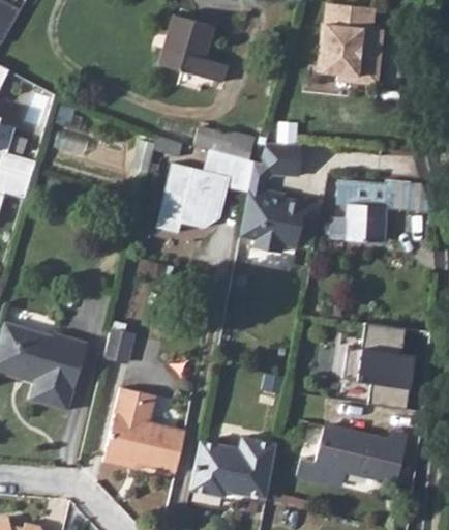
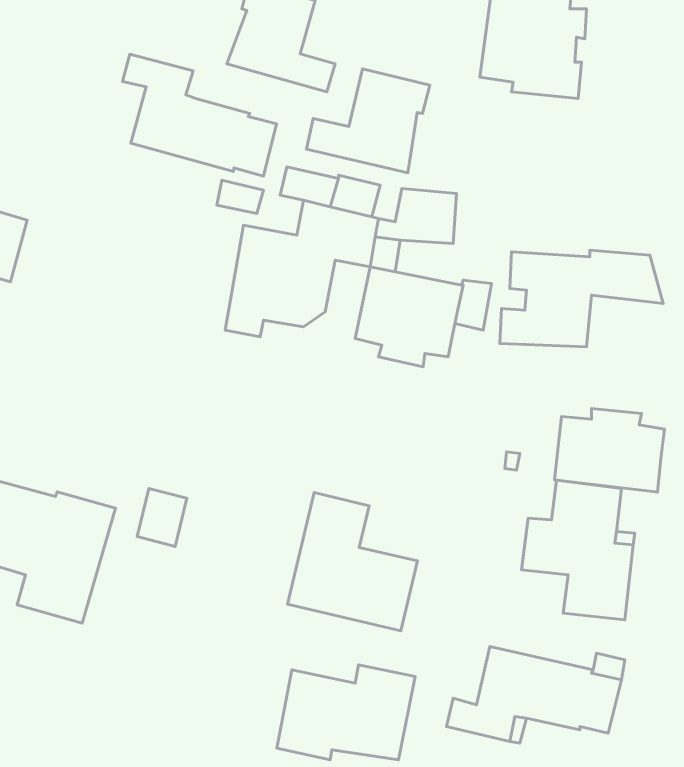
building: none -> [122,54,276,176]
building: none -> [306,69,430,173]
building: none -> [554,408,664,492]
building: [104,388,185,474] -> [288,493,417,631]

